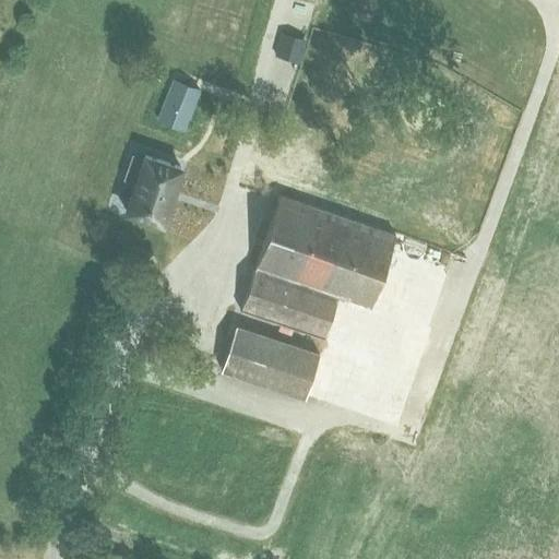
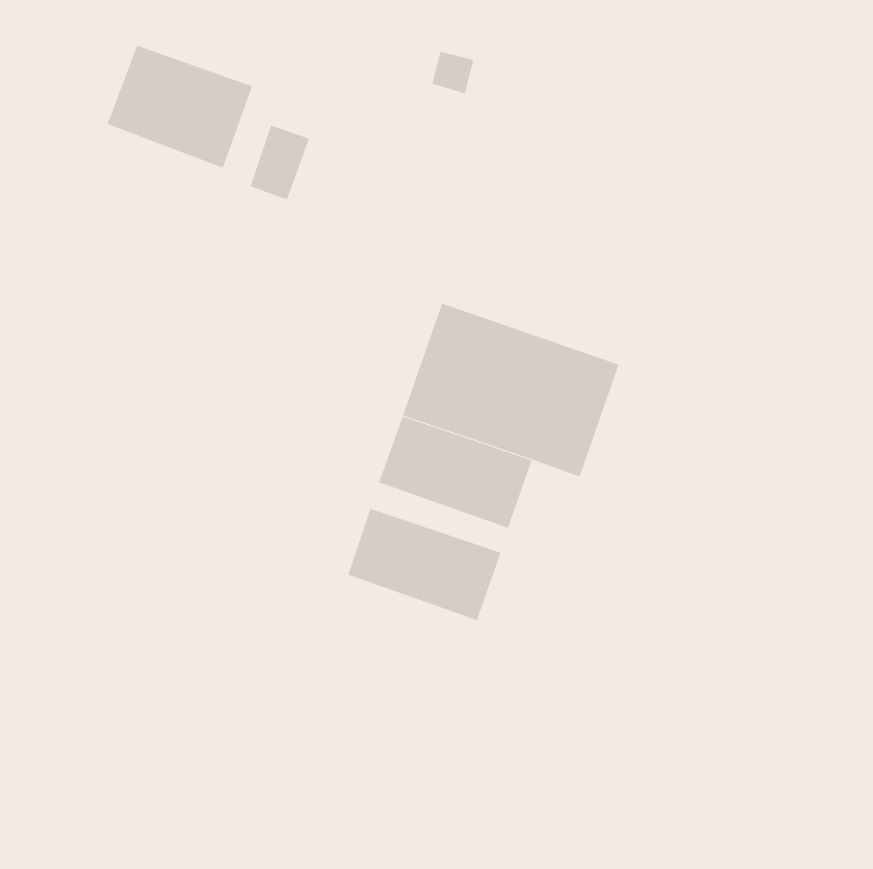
building: none -> [107,45,253,168]
building: [127,159,180,229] -> none

